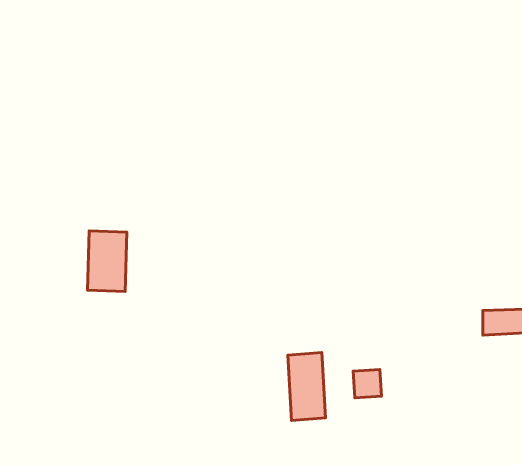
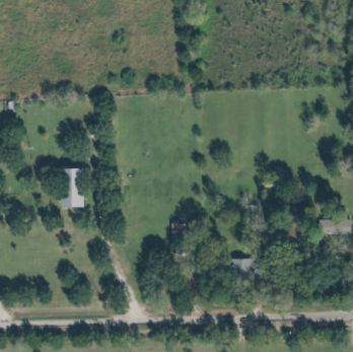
building: [288,353,326,420] -> none

